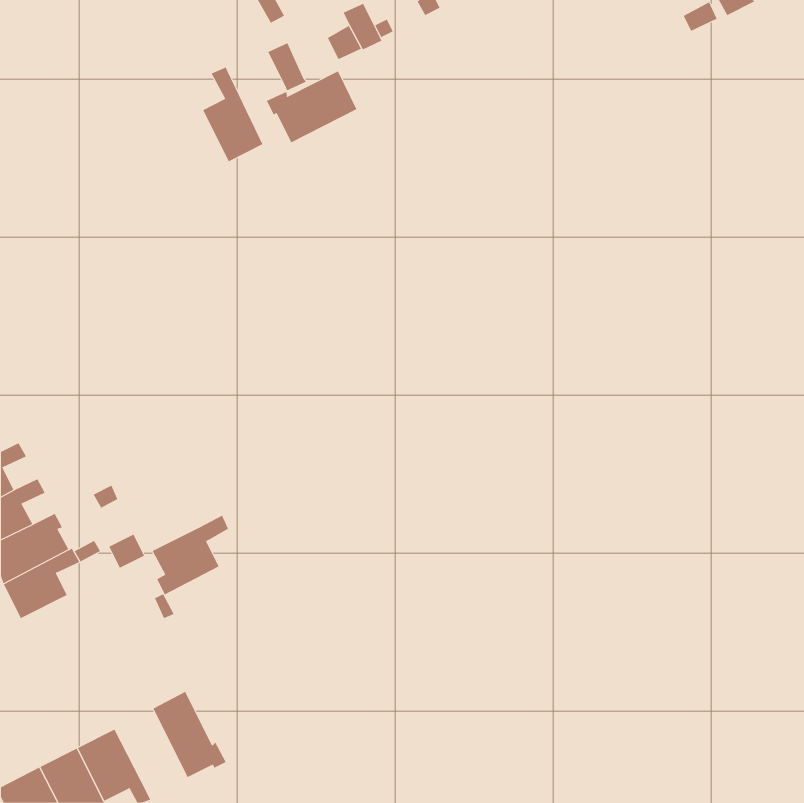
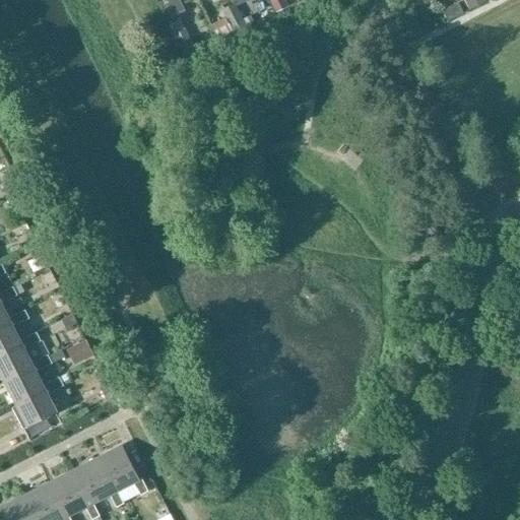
building: [202,67,263,162] -> none
building: [266,70,357,143] -> none
building: [152,515,229,595] -> [13,376,63,428]
building: none -> [74,457,122,508]

